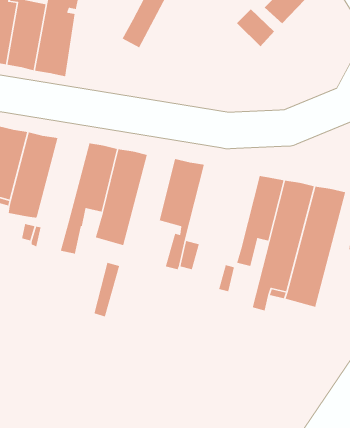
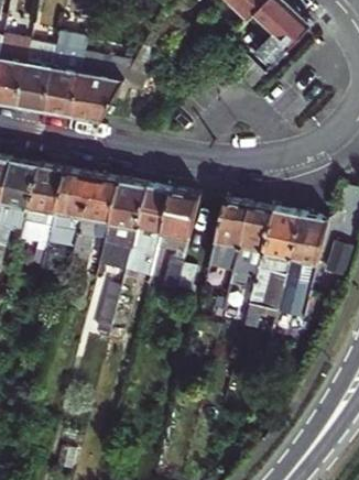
building: none -> [72,54,132,122]
building: none -> [46,172,93,248]
building: none -> [124,187,171,274]
building: none -> [208,201,248,271]

